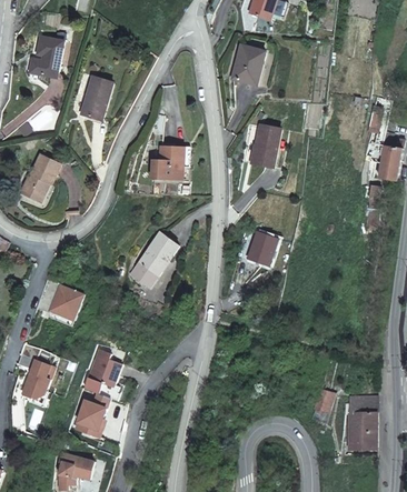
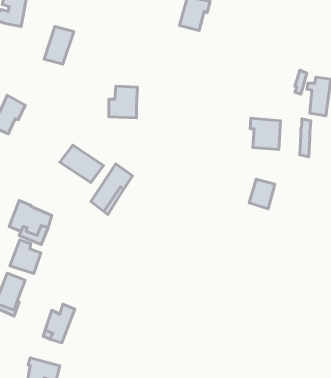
building: [250,127,279,168] -> none
building: none -> [250,118,280,149]
building: none -> [60,145,103,182]
building: [247,232,276,265] -> [249,179,275,209]
building: [91,347,126,384] -> [10,240,41,274]
building: [345,394,374,448] -> none

